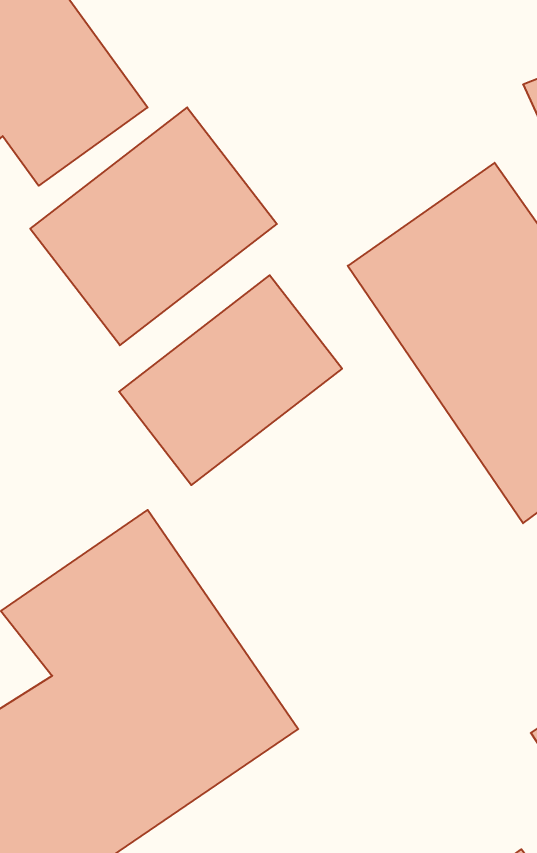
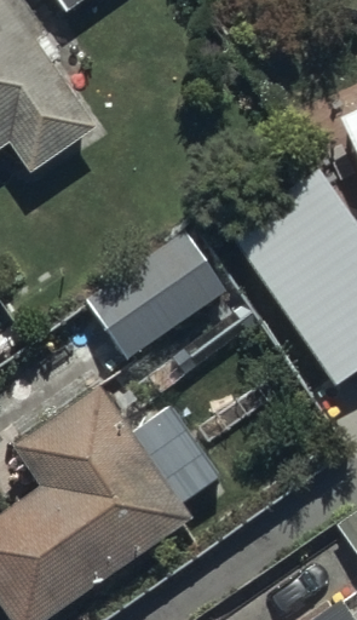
building: [30,107,277,345] -> none

